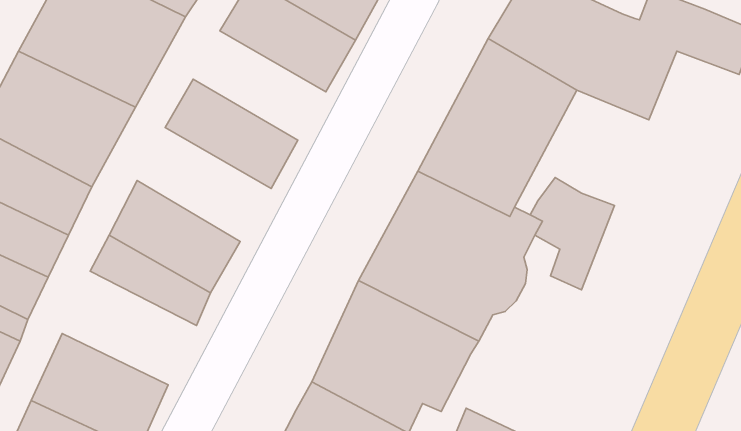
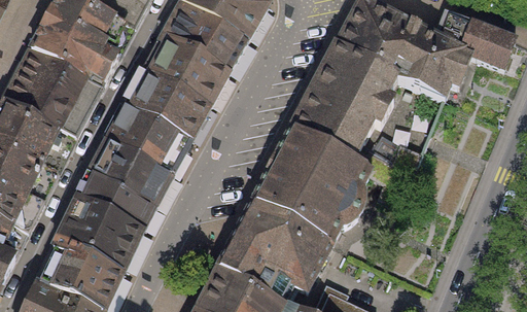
building: none -> [141,35,229,107]
building: none -> [104,99,192,174]
building: none -> [55,194,143,269]

